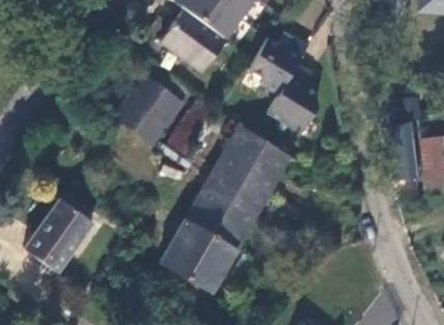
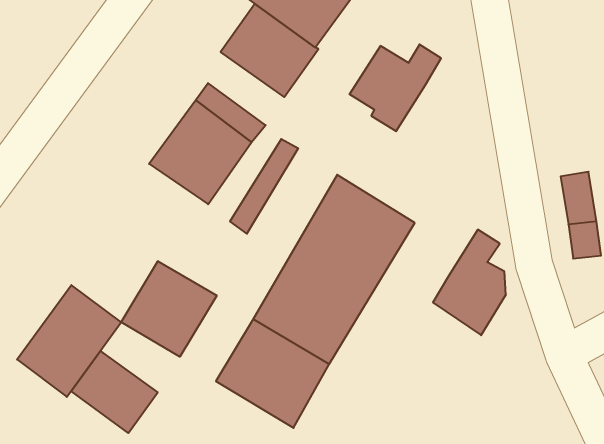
building: [268,64,316,135] -> [433,230,506,335]
building: none -> [121,261,217,357]
building: none -> [71,351,158,433]

